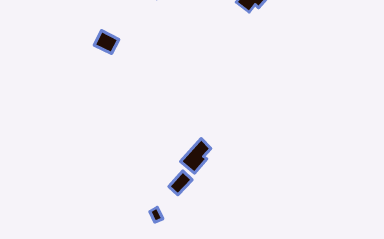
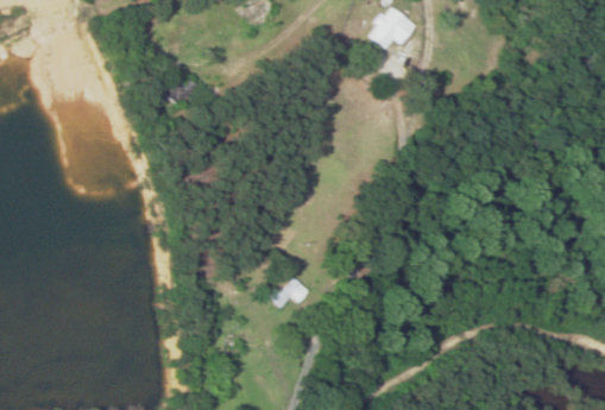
building: [180,139,211,173] -> none

